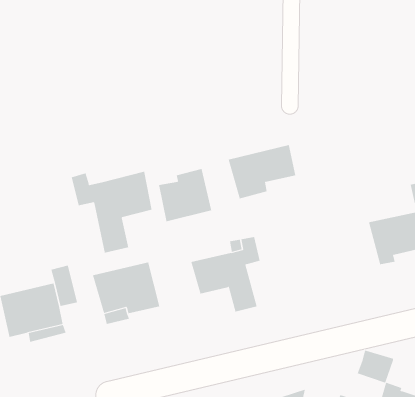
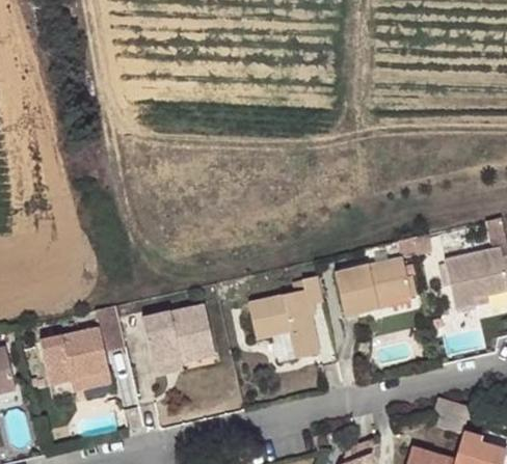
building: [228,144,296,199] -> [333,260,408,320]
building: [159,168,212,222] -> none
building: [71,171,152,253] -> none

